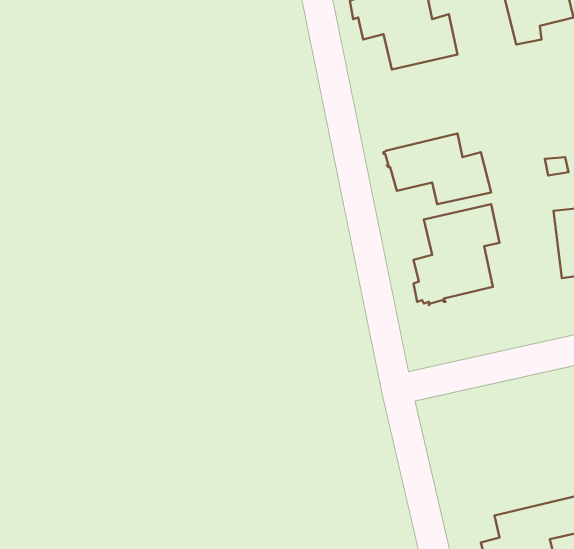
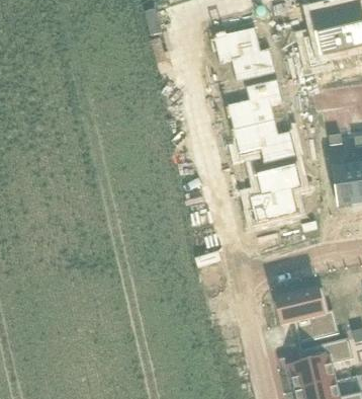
building: none -> [227,78,283,129]
building: none -> [276,287,339,341]

